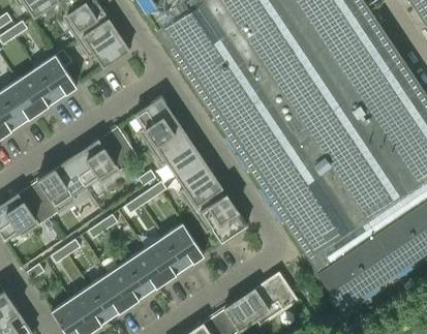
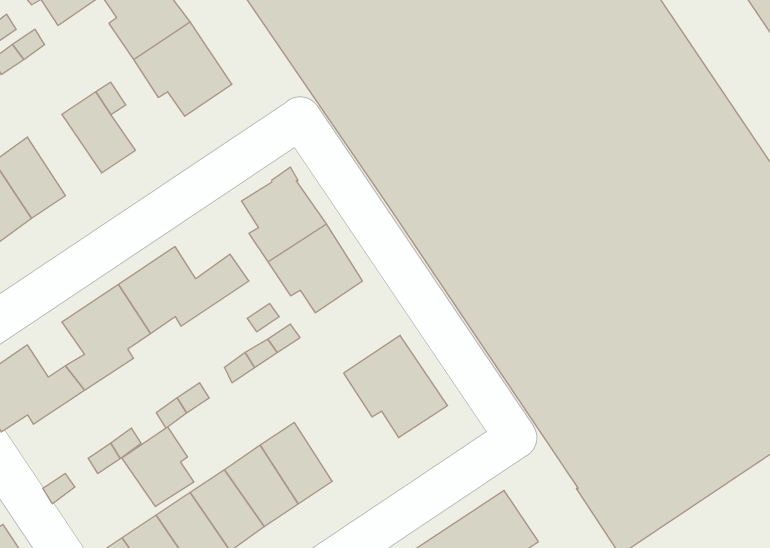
building: [19,67,59,112] -> none
building: [176,158,222,209] -> none
building: [164,223,205,268] -> none
building: none -> [122,427,194,507]

